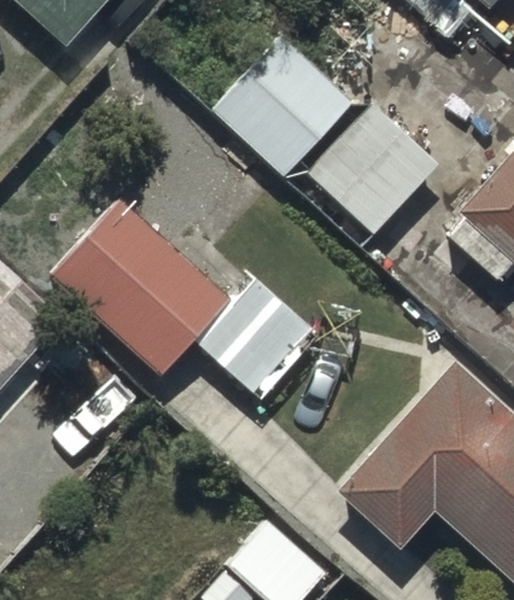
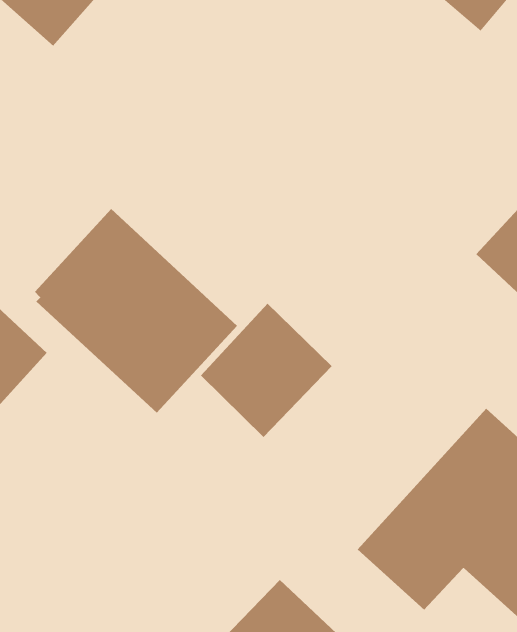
building: [209,31,436,232] -> none

